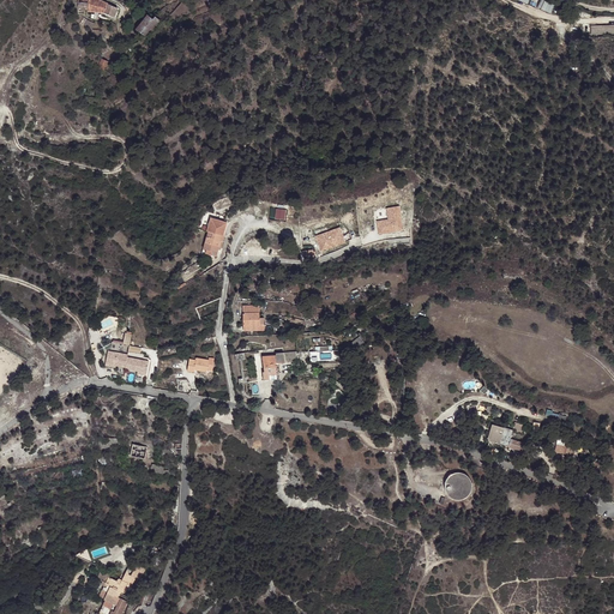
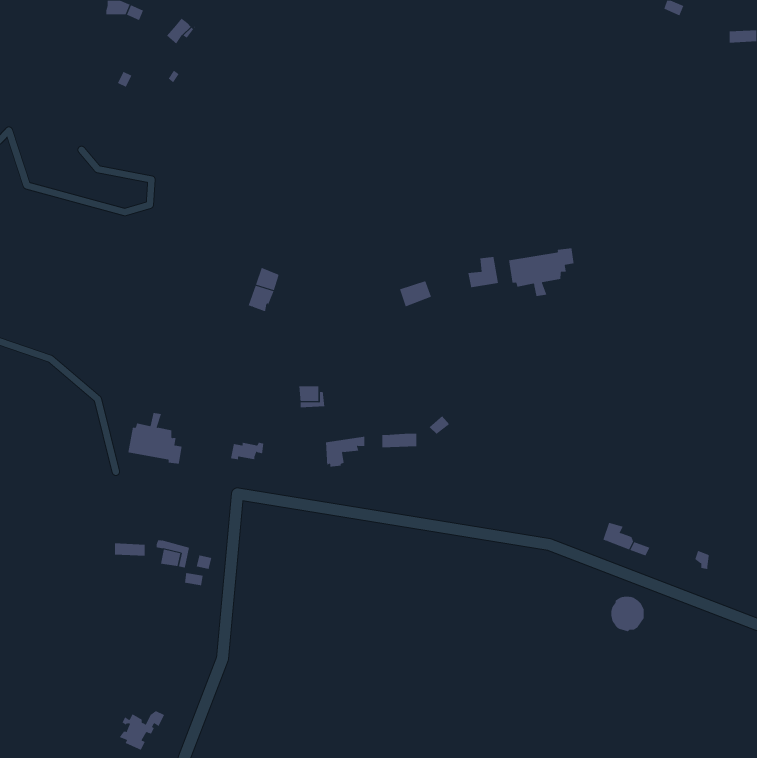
building: none -> [509,247,574,297]
building: [444,470,471,499] -> [610,596,645,632]

